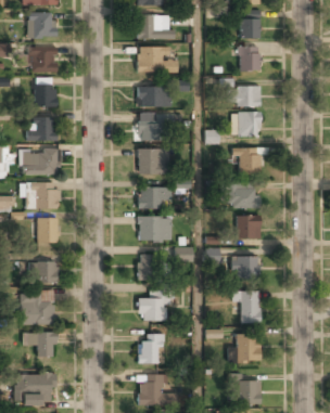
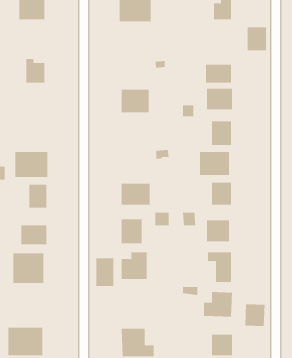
building: [240,44,262,70] -> [247,27,267,51]
building: [26,47,56,72] -> none
building: [137,47,178,72] -> none
building: [138,86,170,106] -> none
building: [29,116,58,141] -> none
building: [139,147,166,172] -> none
building: [21,149,60,175] -> none
building: [139,186,169,208] -> none
building: [27,333,56,356] -> none
building: [141,333,162,364] -> [95,258,114,287]
building: none -> [245,303,265,327]

